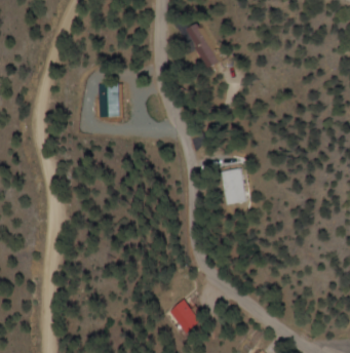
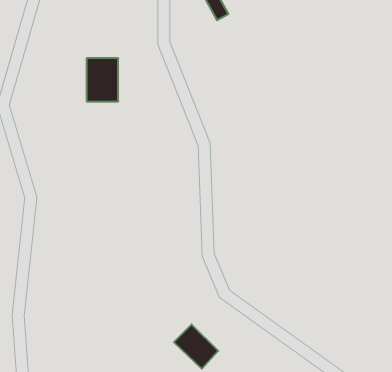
building: [220,165,247,211] -> none

